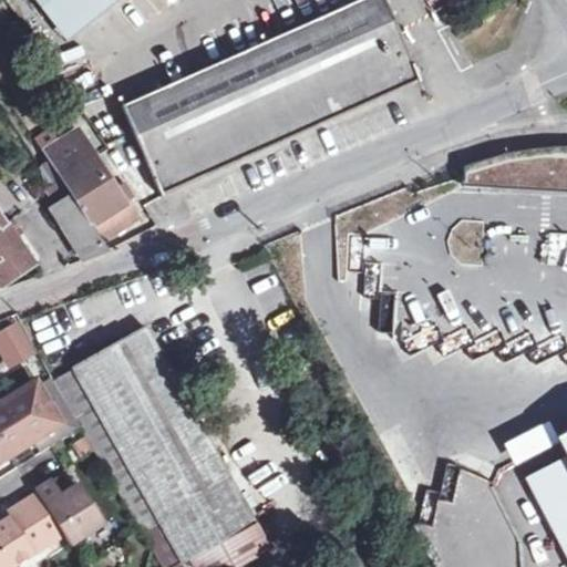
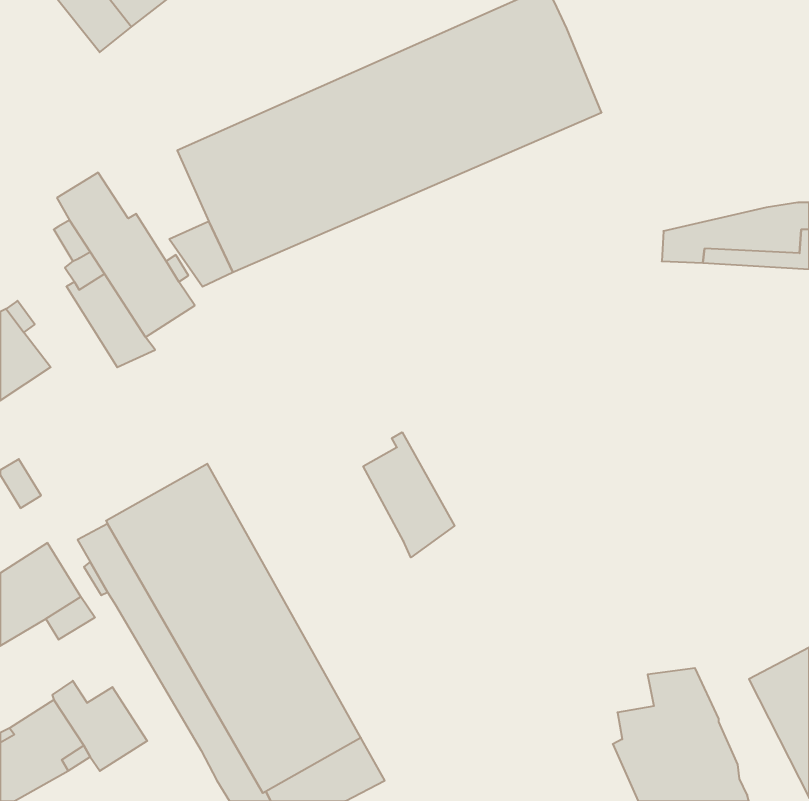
building: none -> [363,432,455,557]

